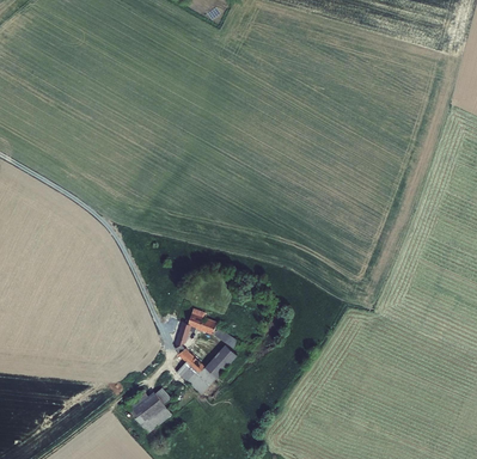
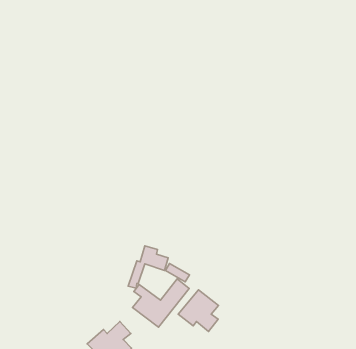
building: none -> [178,290,219,331]

